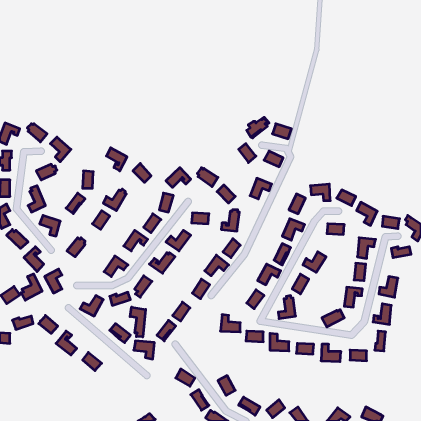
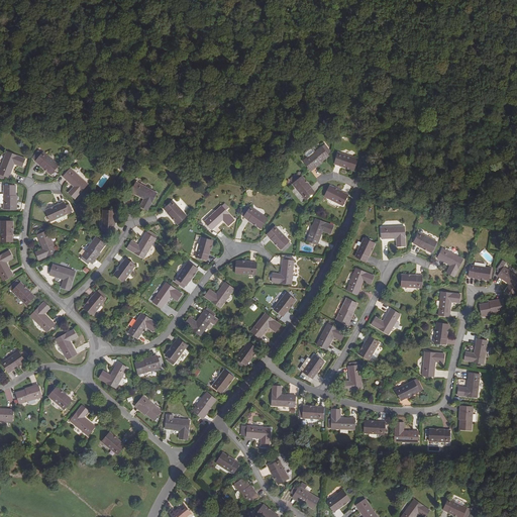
building: [21,274,42,300] -> none
building: [130,307,146,337] -> none
building: none -> [241,425,270,446]

